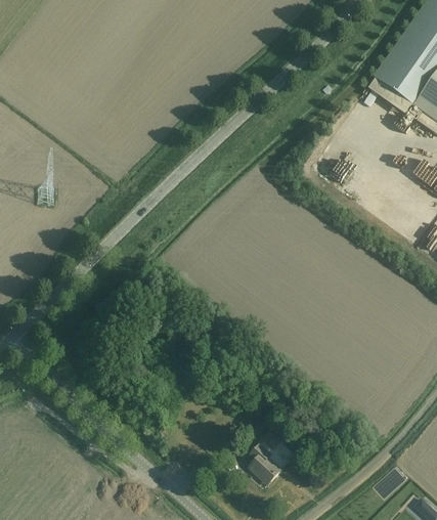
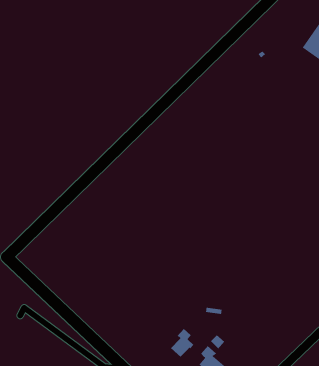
building: none -> [170,328,194,357]

